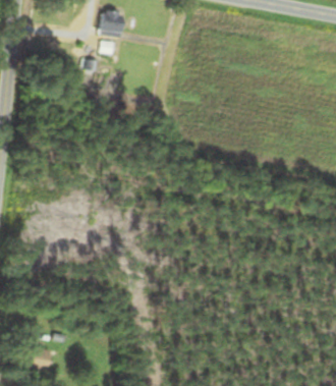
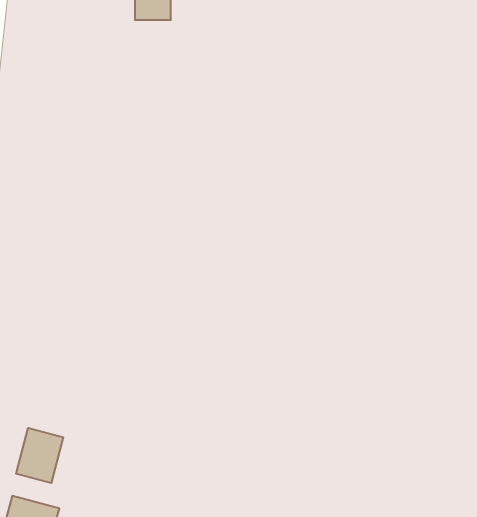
building: none -> [16,428,63,483]

